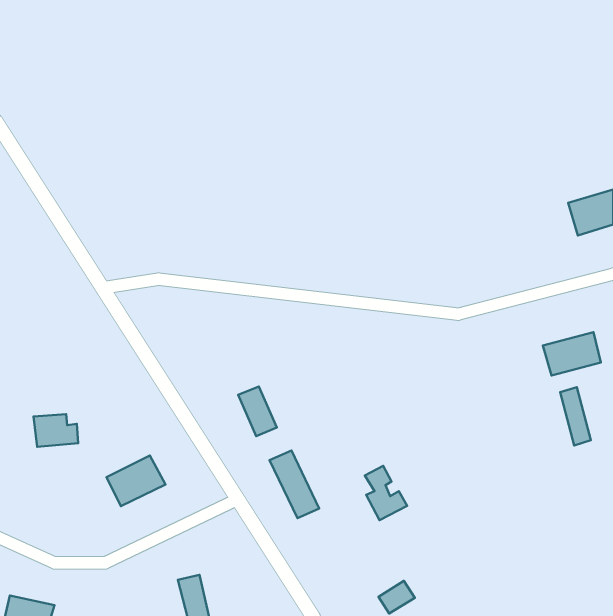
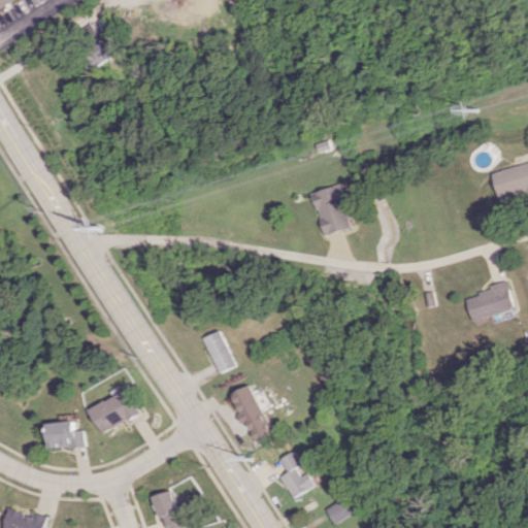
building: none -> [310,183,350,236]
building: [560,387,591,445] -> none
building: [33,414,78,447] -> [50,422,88,450]
building: [365,466,407,520] -> [277,452,314,498]

